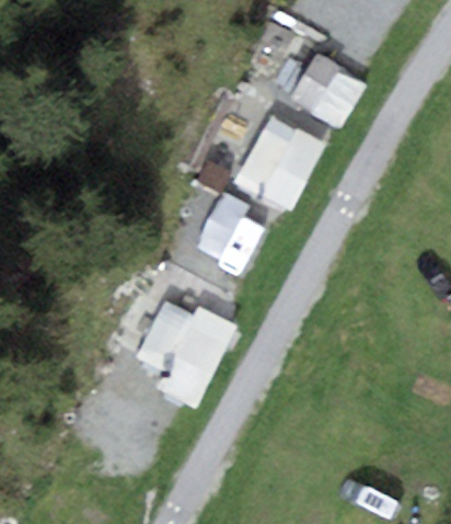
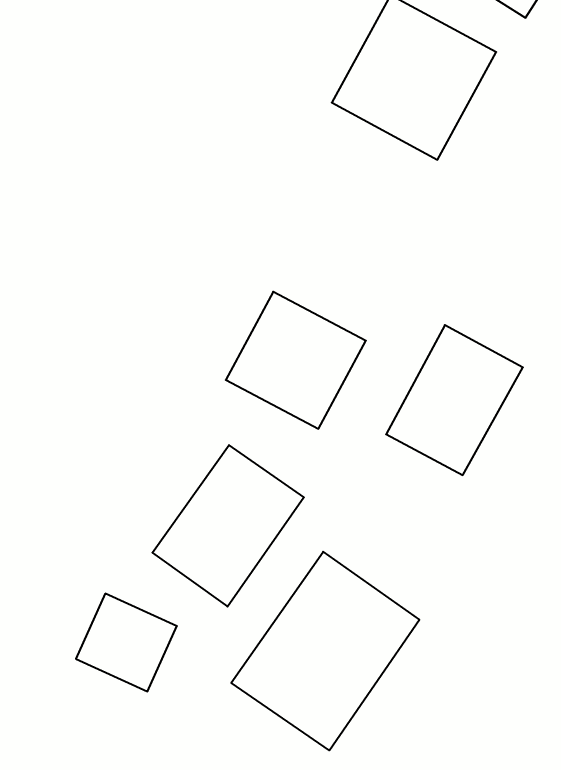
building: [239,103,331,204] -> [386,325,523,475]
building: none -> [231,552,419,750]

